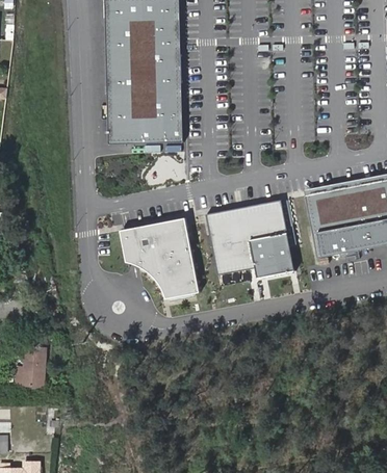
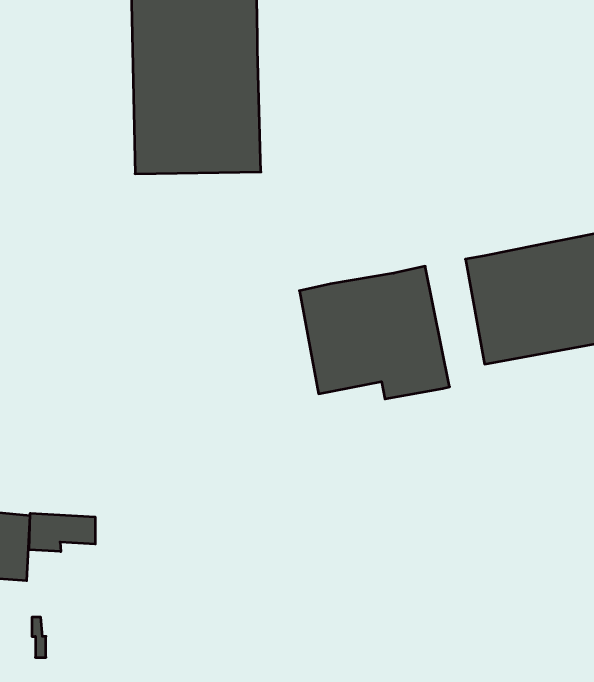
building: [120,216,200,297] -> none
building: none -> [29,513,95,552]

